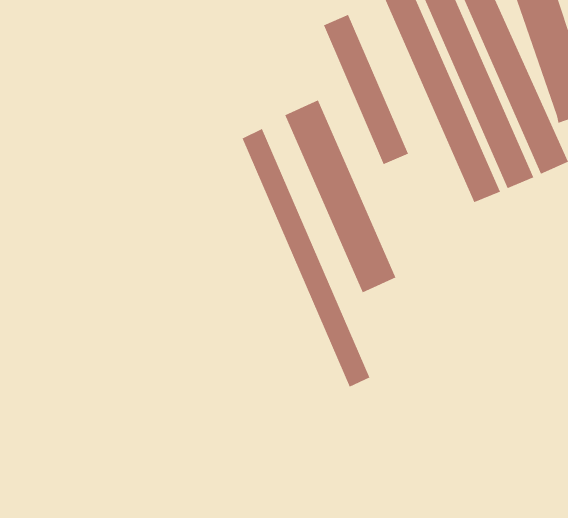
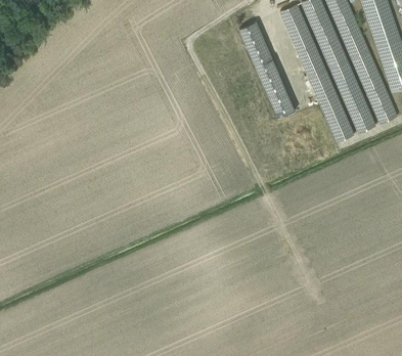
building: [284,99,396,293] -> none
building: [242,128,370,388] -> none

